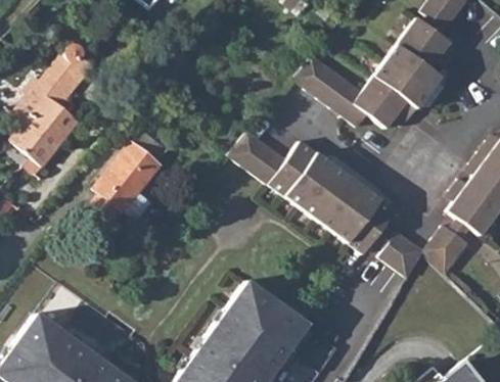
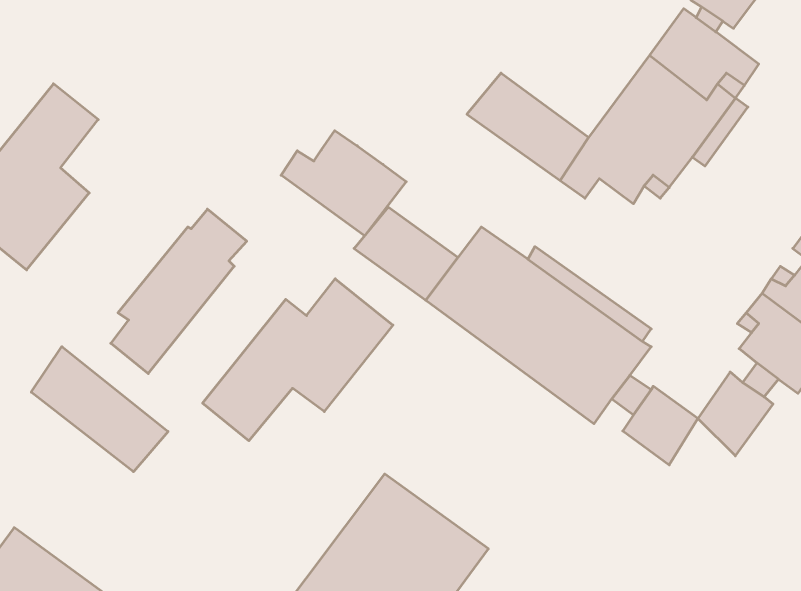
building: none -> [281,131,406,236]
building: none -> [203,279,393,441]
building: none -> [31,347,168,472]

